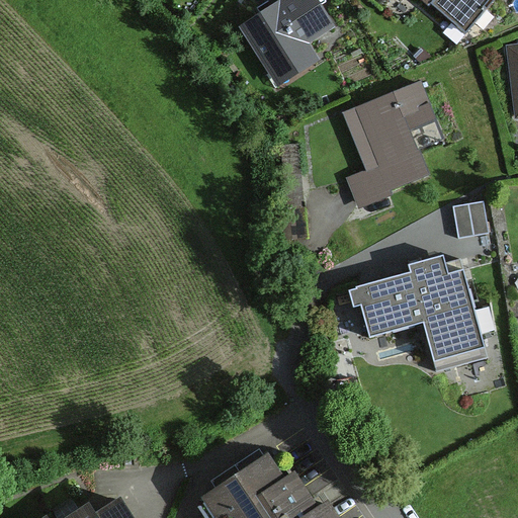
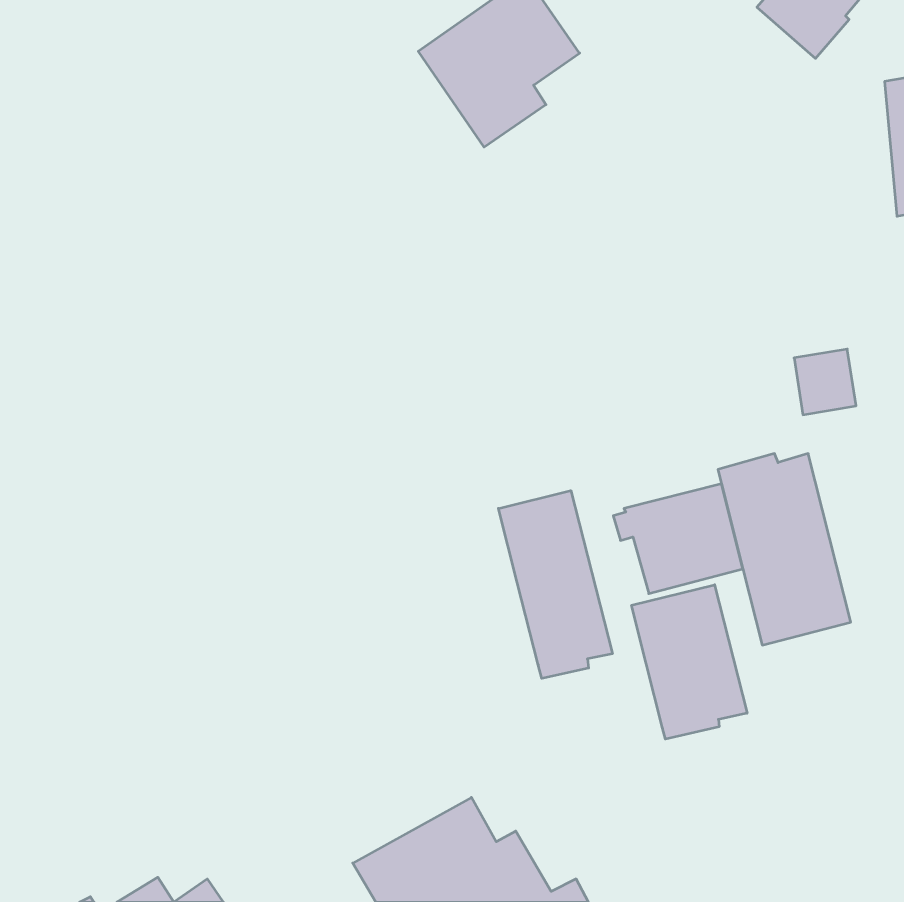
building: [345,82,430,196] -> none
building: none -> [498,491,612,678]
building: none -> [632,585,747,739]

